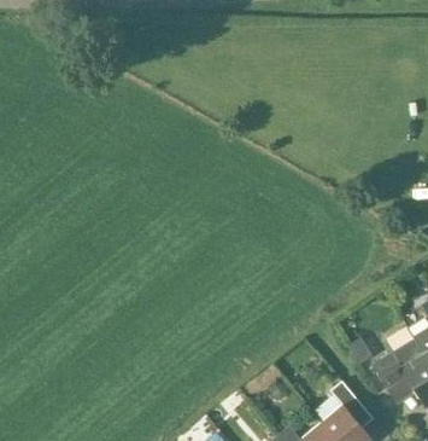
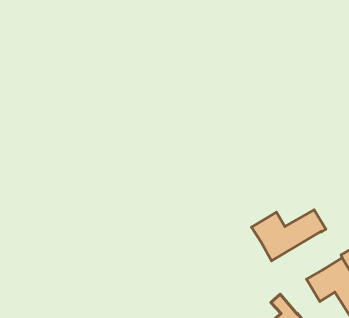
building: none -> [251,210,326,261]

